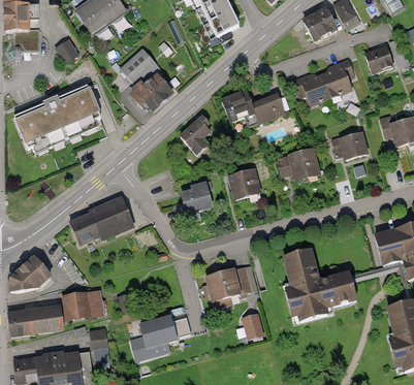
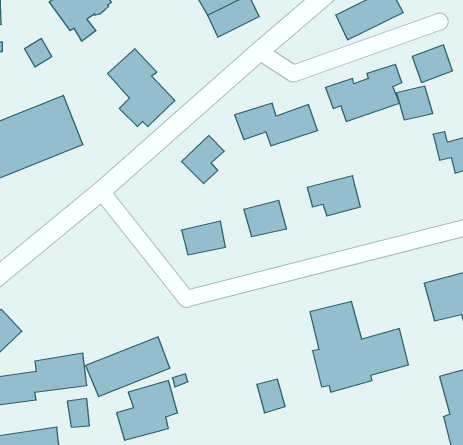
building: [341,131,370,158] -> [396,86,433,120]
building: [67,200,134,248] -> [86,337,170,397]
building: [208,265,255,299] -> none

